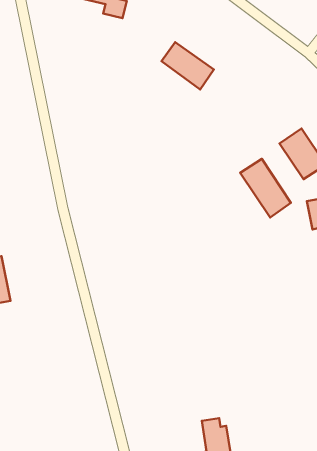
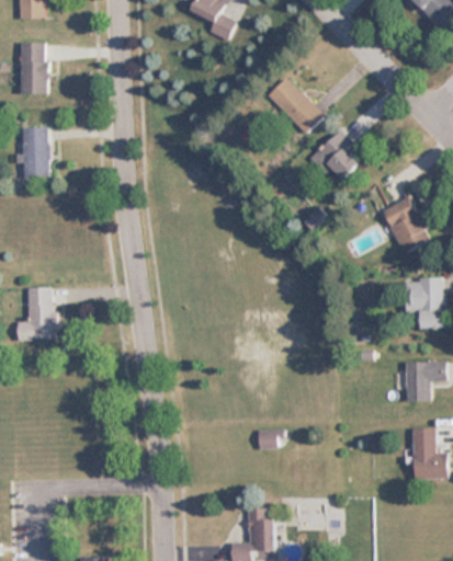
building: none -> [310,129,362,183]
building: [240,159,291,217] -> none
building: none -> [258,428,283,447]

